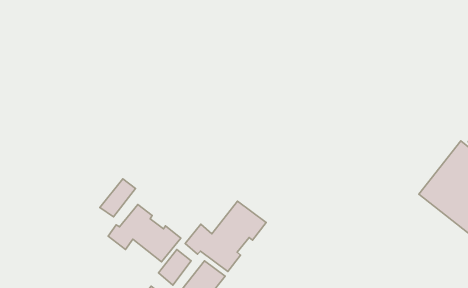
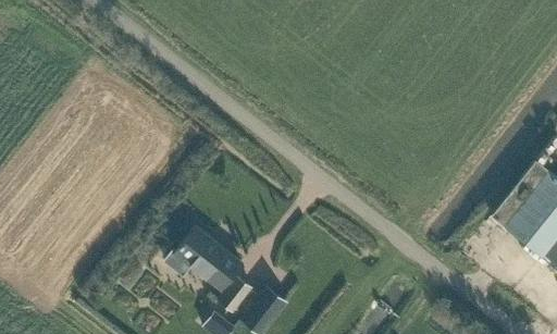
building: [100,179,136,217] -> none
building: [185,201,266,271] -> none

